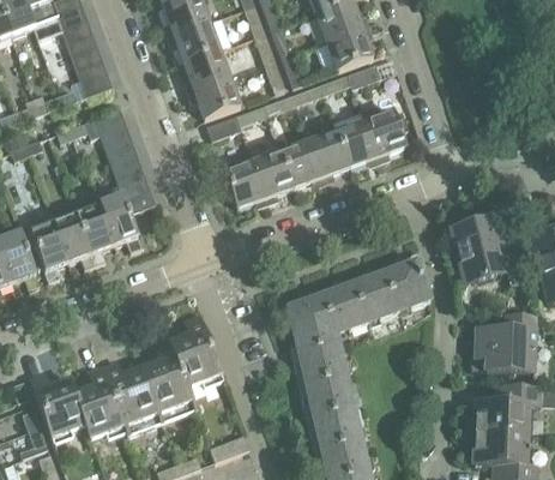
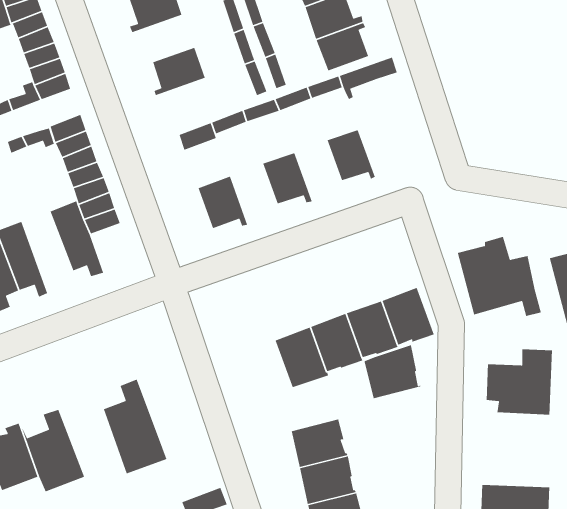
building: [165,17,231,62] -> none
building: [186,77,241,120] -> none
building: [360,104,405,163] -> none
building: [308,131,349,185] -> none
building: [251,144,292,205] -> none
building: [70,193,114,265] -> none
building: [170,314,222,388] -> none
building: [296,337,346,385] -> [364,344,421,399]
building: [102,360,161,436] -> none
building: [471,385,537,434] -> none

